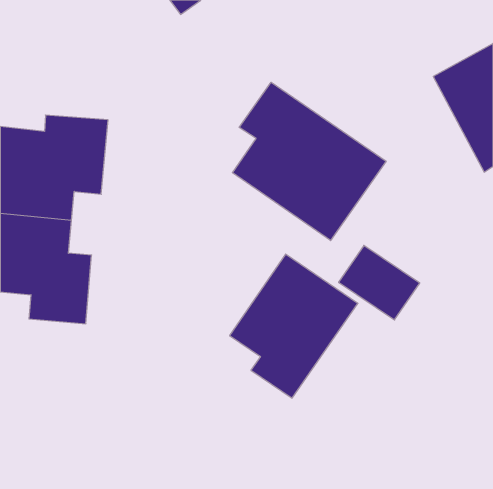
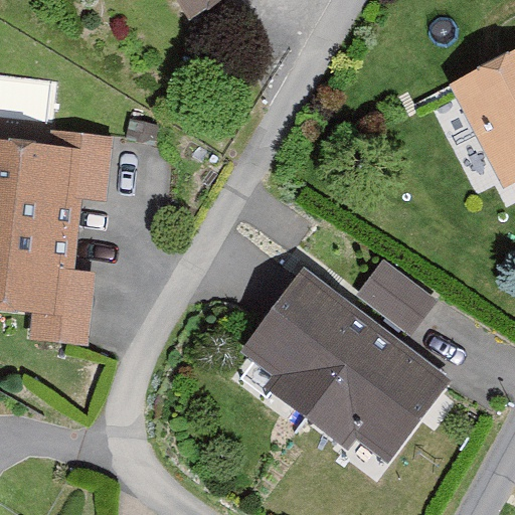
building: [232,82,386,241] -> none
building: none -> [305,321,449,458]

